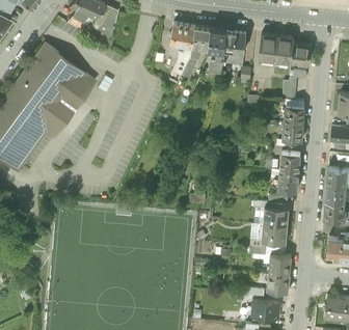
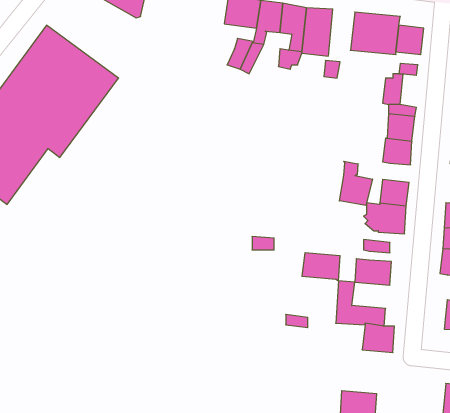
building: none -> [339,161,373,205]
building: [261,224,288,244] -> [302,253,340,281]
building: [267,272,290,292] -> none

